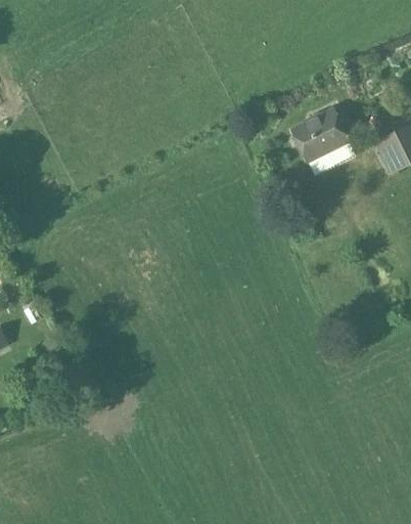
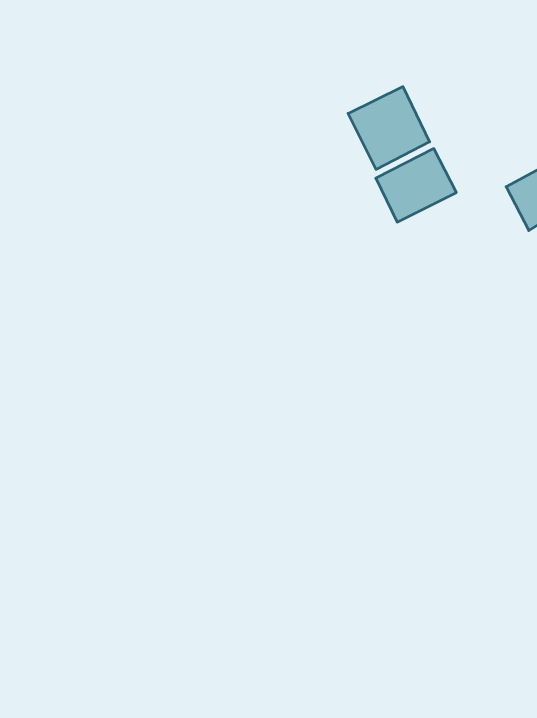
building: none -> [348,87,430,169]

